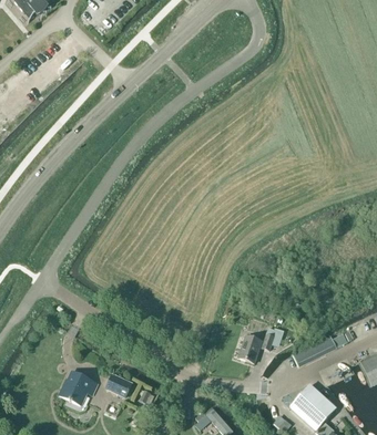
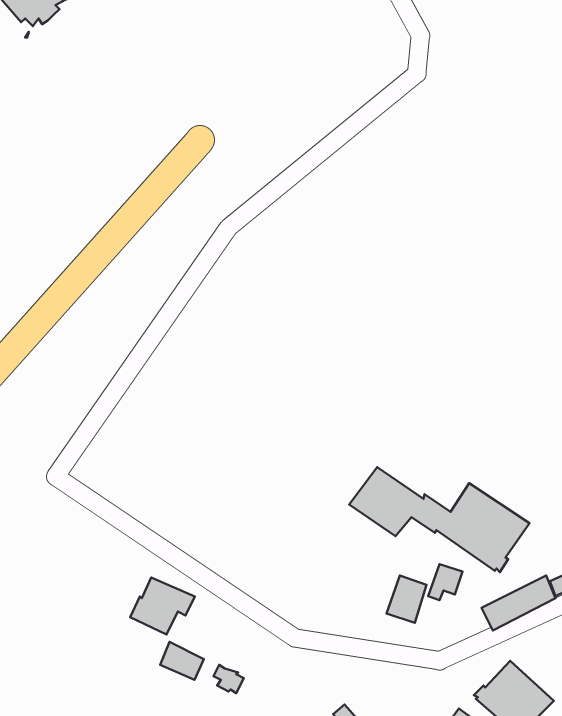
building: none -> [349,467,529,572]
building: [59,372,96,405] -> [130,577,195,634]

